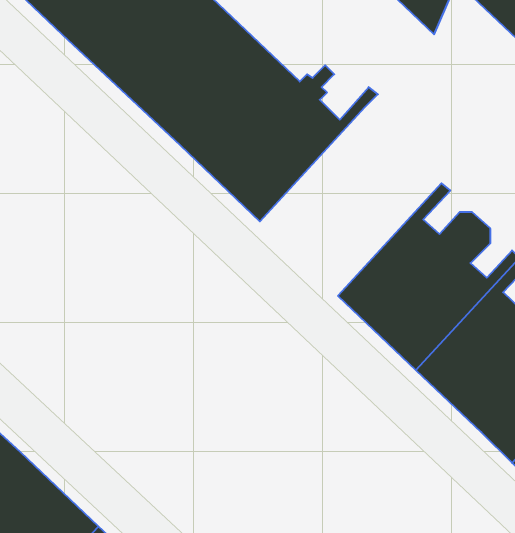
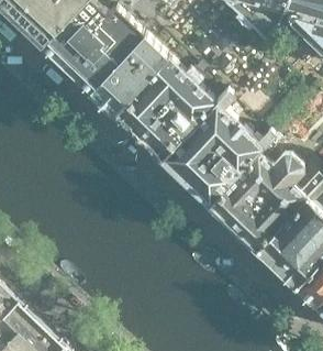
building: none -> [160,88,270,202]

